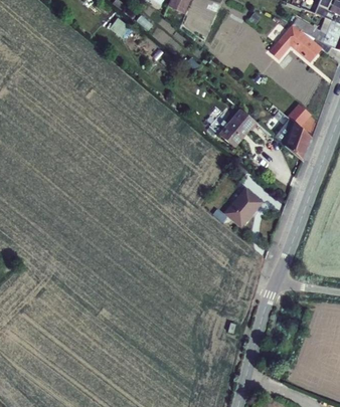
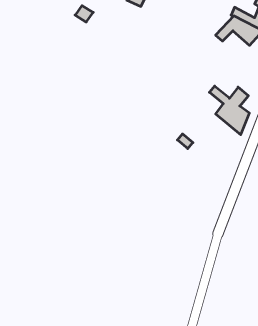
building: [217,109,254,145] -> none
building: [223,190,260,227] -> none

